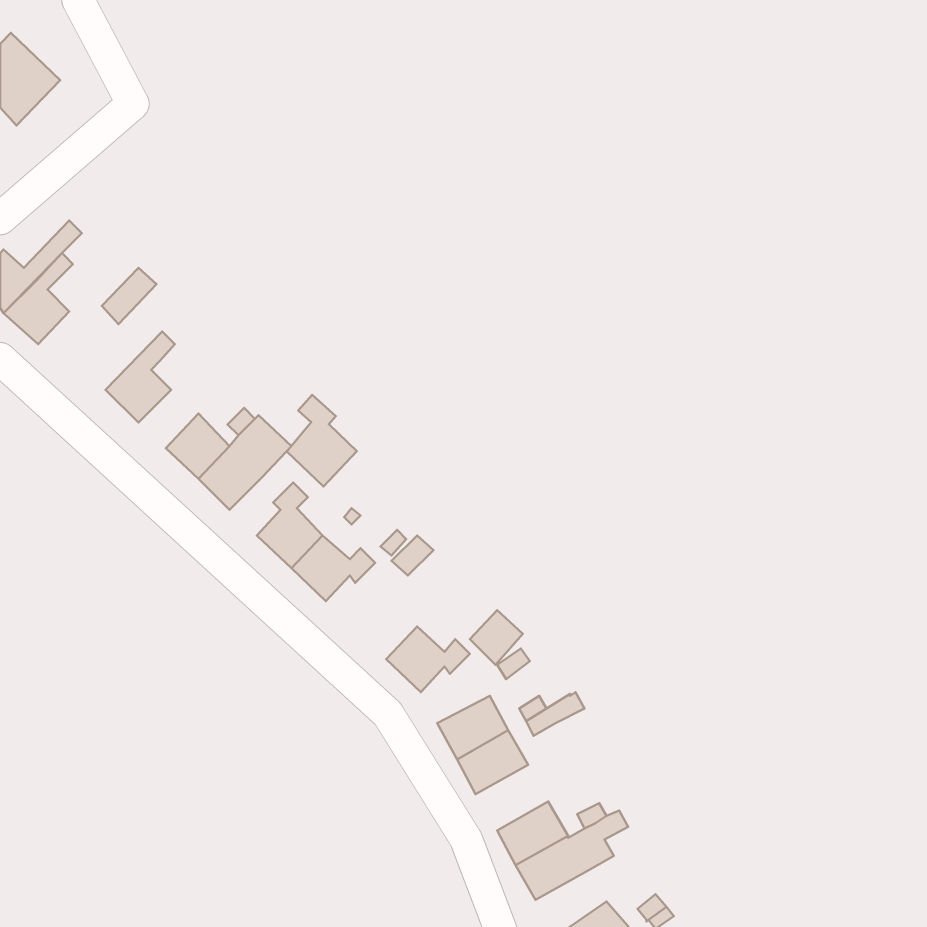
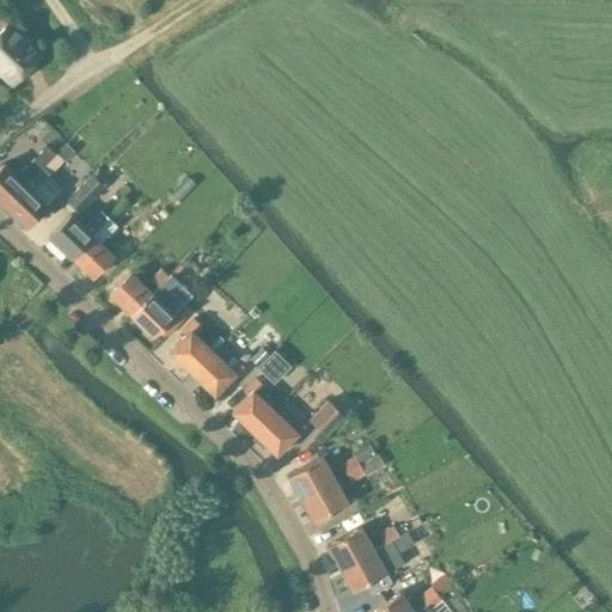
building: none -> [50,213,109,258]
building: [287,395,357,486] -> none
building: none -> [233,379,276,435]

